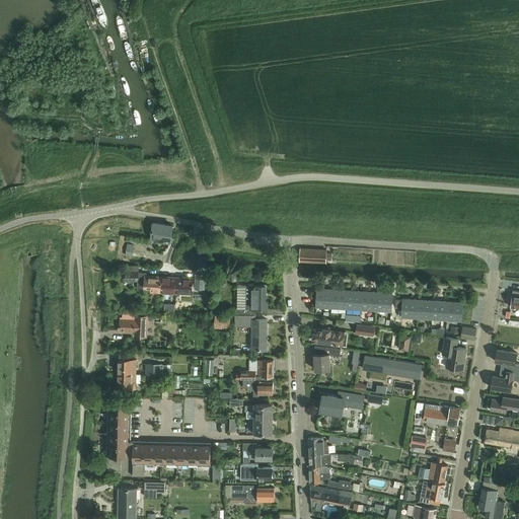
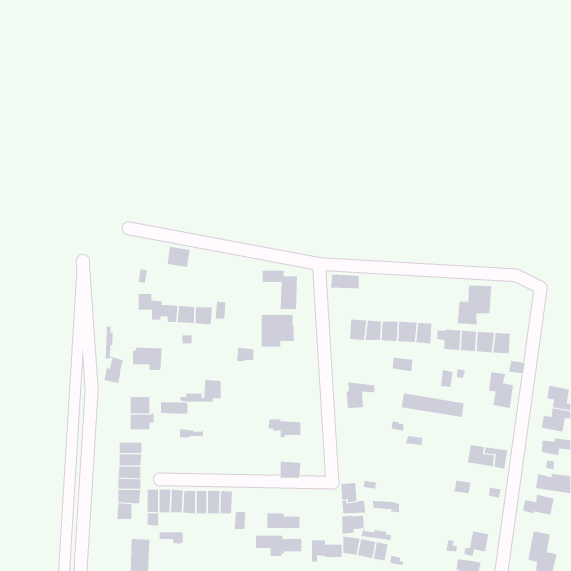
building: none -> [457,285,492,325]
building: none -> [104,326,123,384]
building: [234,315,267,351] -> [262,270,298,309]
building: [310,328,344,346] -> none
building: [235,360,273,380] -> [180,380,221,402]
building: [320,391,364,416] -> none
building: [244,405,273,420] -> none
building: [243,444,272,464] -> [311,540,343,562]
building: [418,462,447,481] -> [522,494,555,515]

